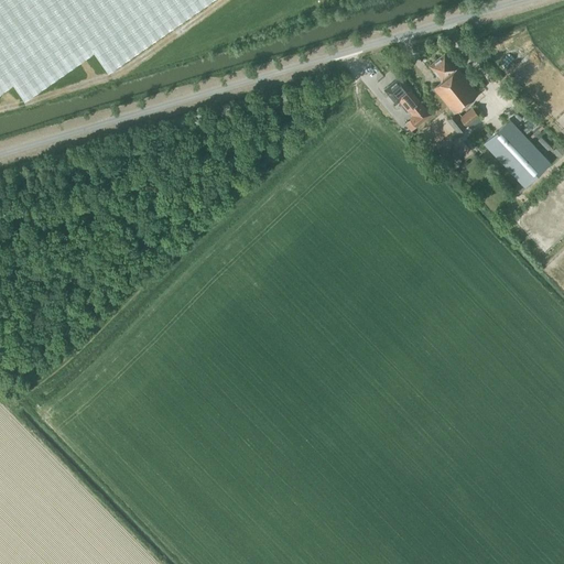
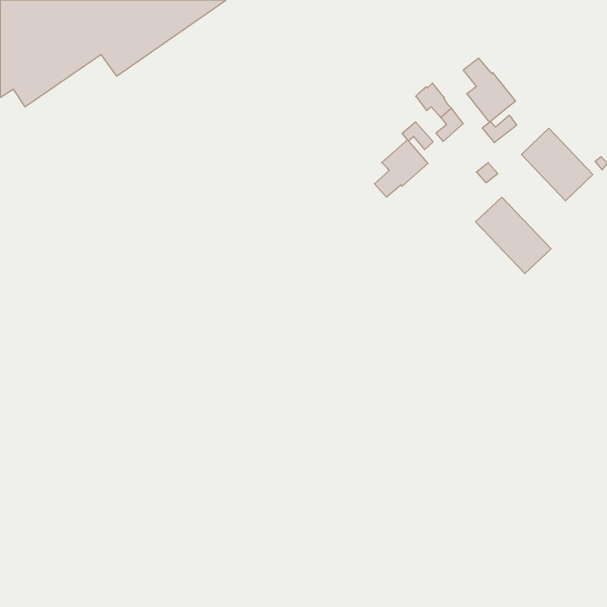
building: none -> [374,122,433,197]
building: none -> [476,197,551,274]

